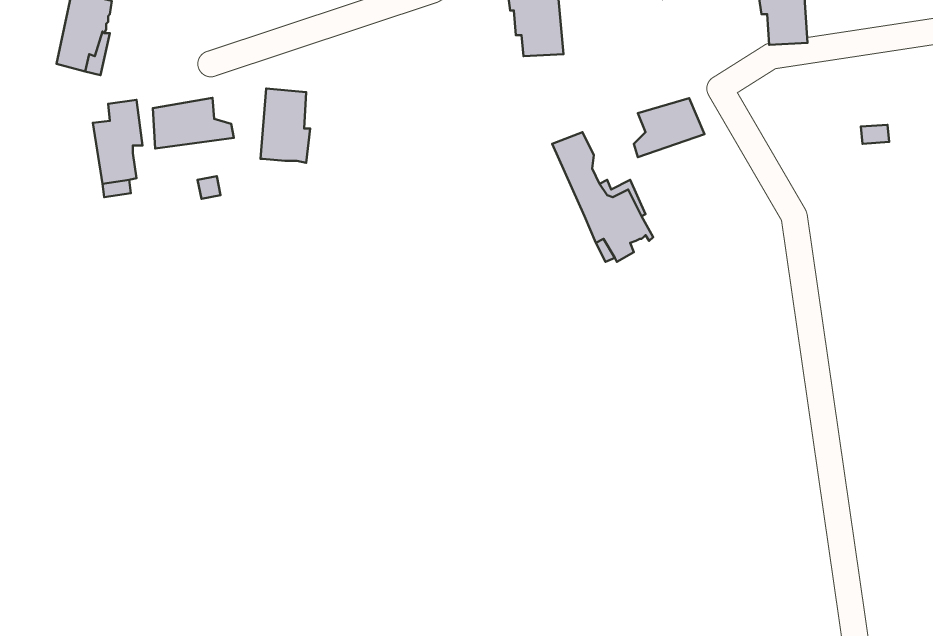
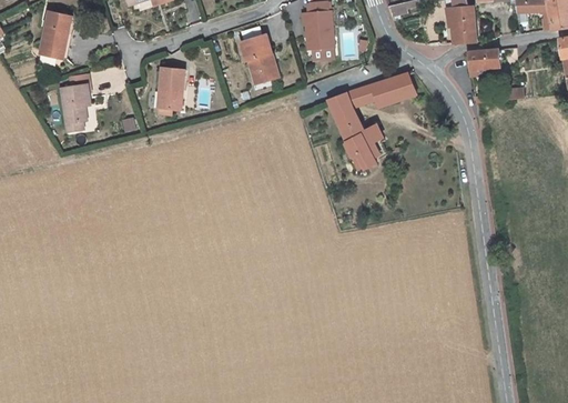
building: none -> [240,34,278,80]
building: none -> [468,50,499,75]
building: [153,98,234,148] -> none
building: none -> [345,82,382,107]

